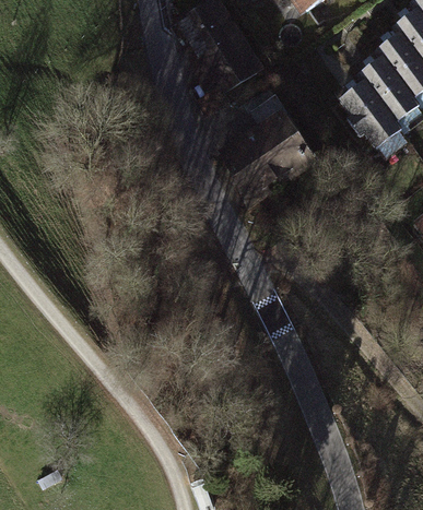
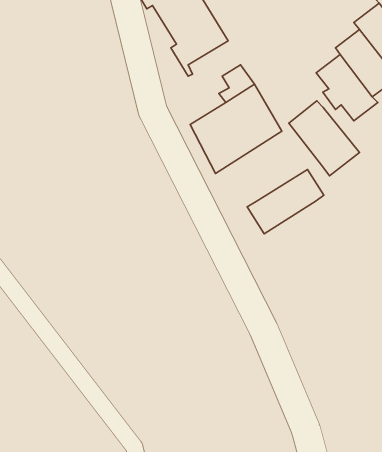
building: none -> [289,101,359,176]
building: none -> [247,170,324,234]

